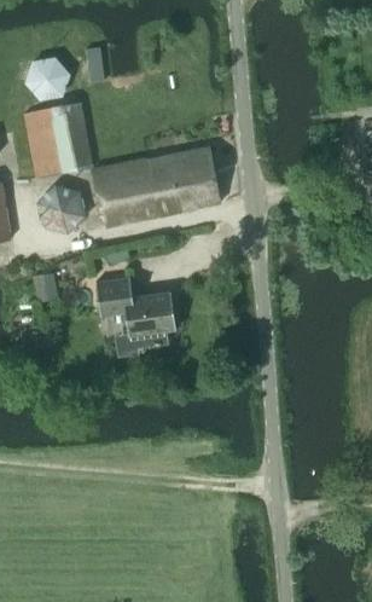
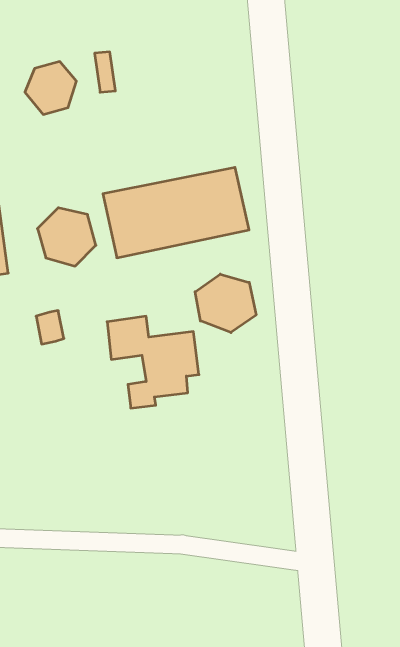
building: [24,104,94,178] -> none
building: none -> [195,274,256,333]

